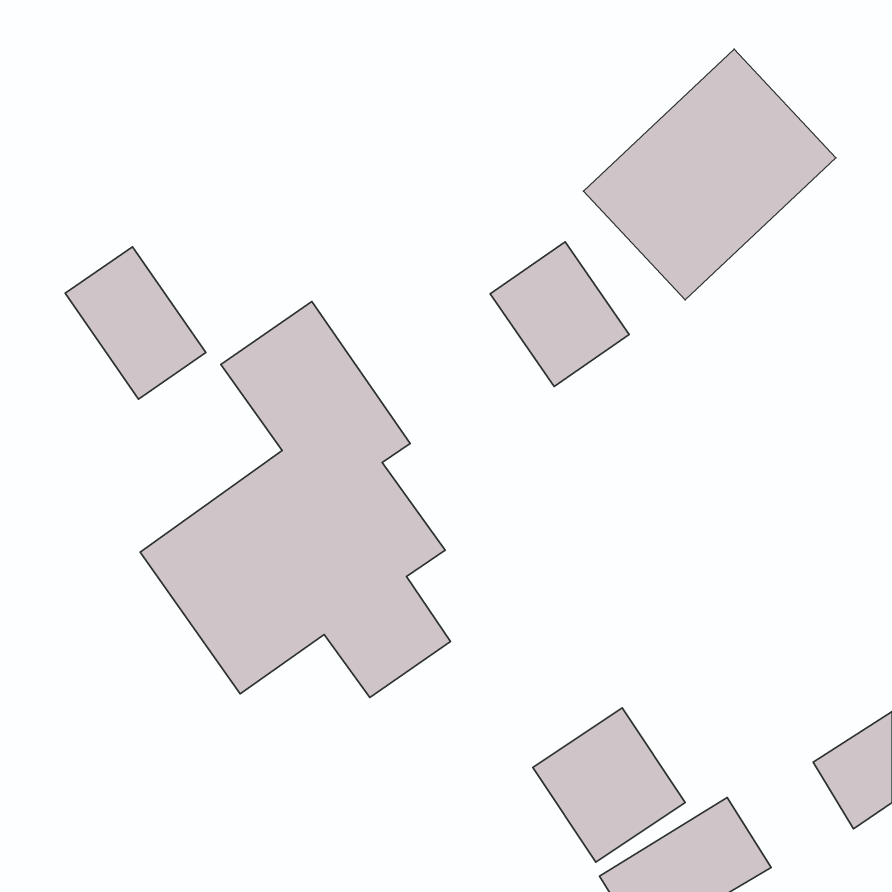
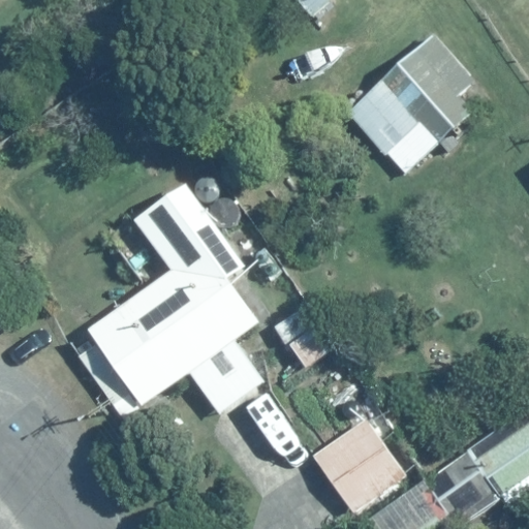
building: [490,242,629,386] -> none
building: [65,247,206,399] -> none

